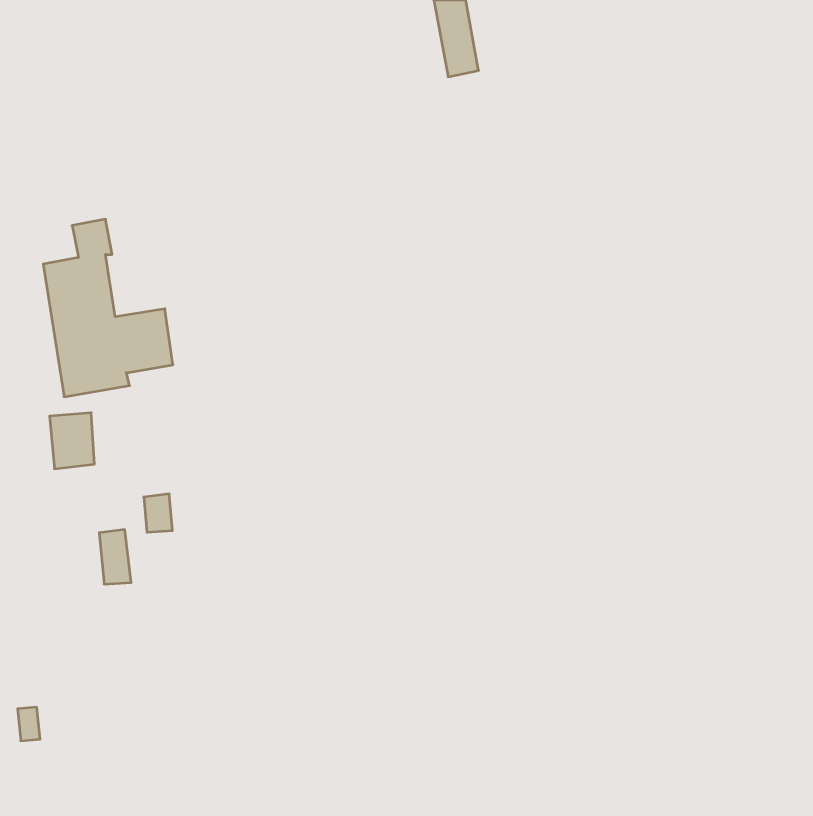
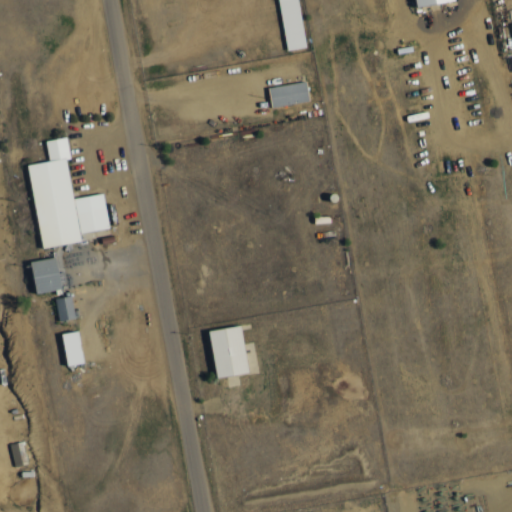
building: none -> [264,79,305,105]
building: [144,494,172,532] -> [58,297,76,321]
building: none -> [201,323,244,376]

